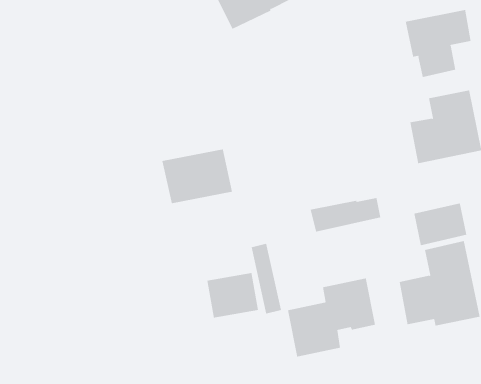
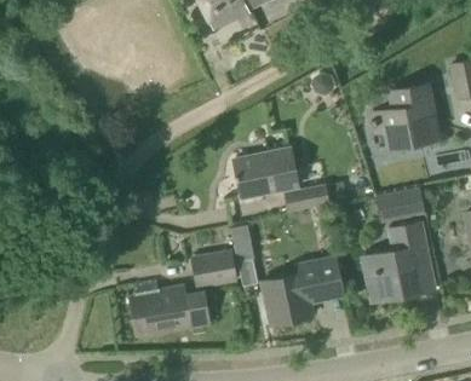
building: [405,9,471,78] -> none
building: [162,149,233,204] -> [234,149,298,198]
building: none -> [131,282,211,335]

